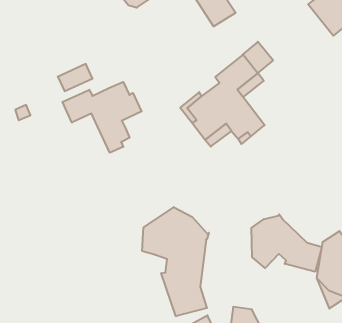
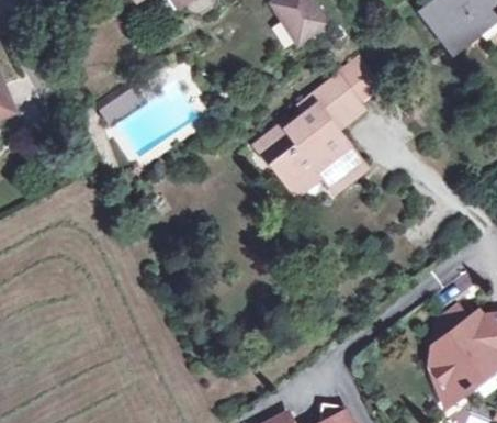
building: [62,82,142,153] -> none
building: [142,207,209,316] -> none
building: [251,214,322,272] -> none

